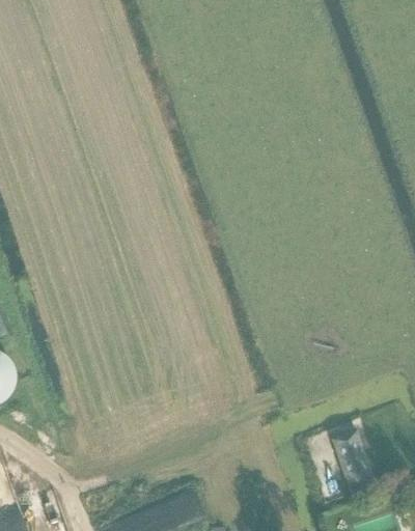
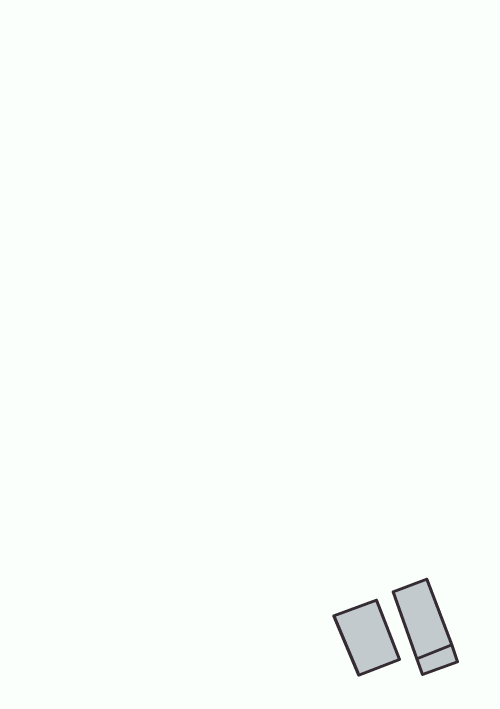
building: none -> [334,600,399,675]

